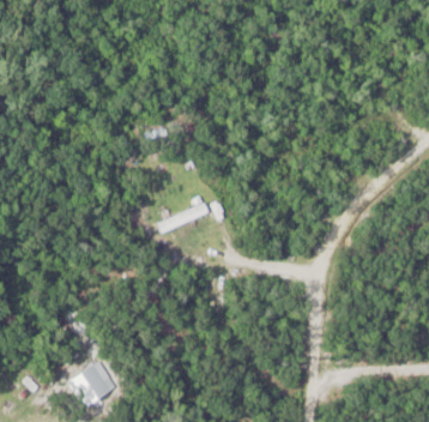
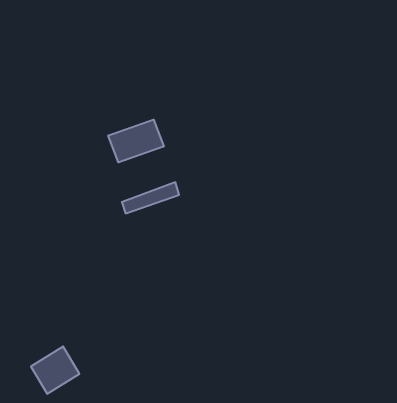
building: none -> [108,120,164,162]

